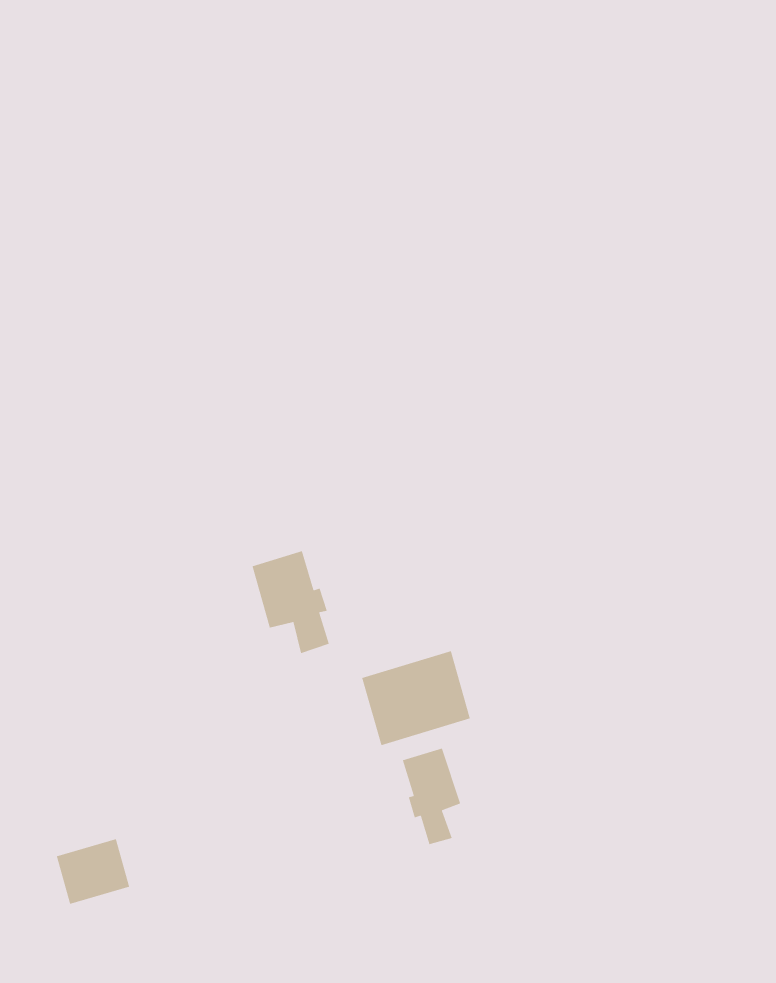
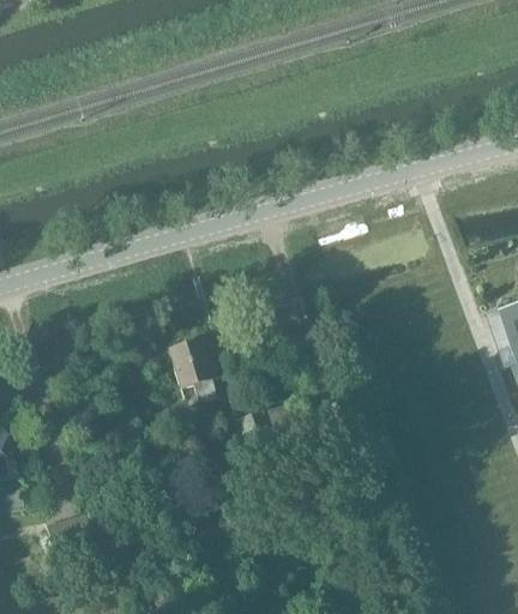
building: [402,748,461,845] -> none

